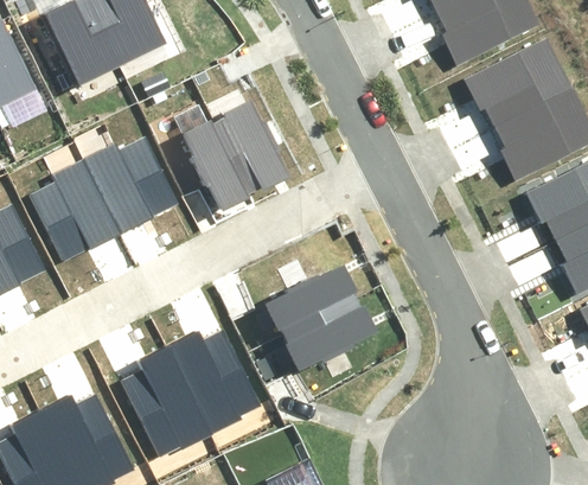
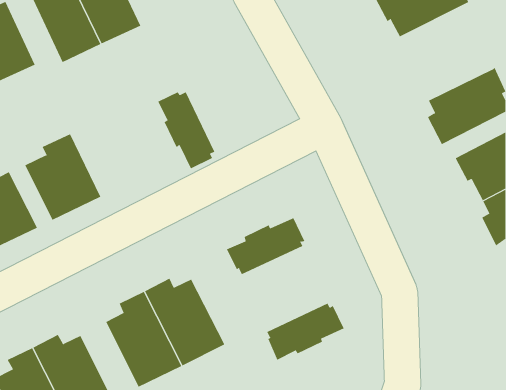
building: [466,36,571,128] -> none
building: [217,100,285,190] -> none
building: [83,146,178,240] -> none
building: [281,296,371,363] -> [267,303,344,360]

